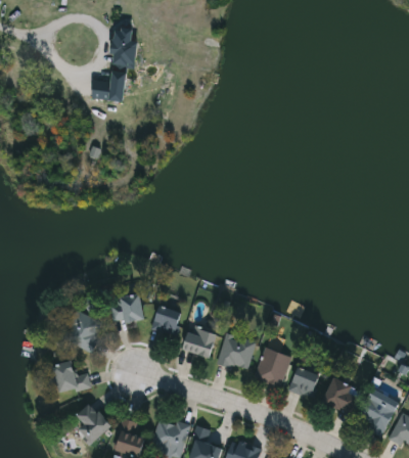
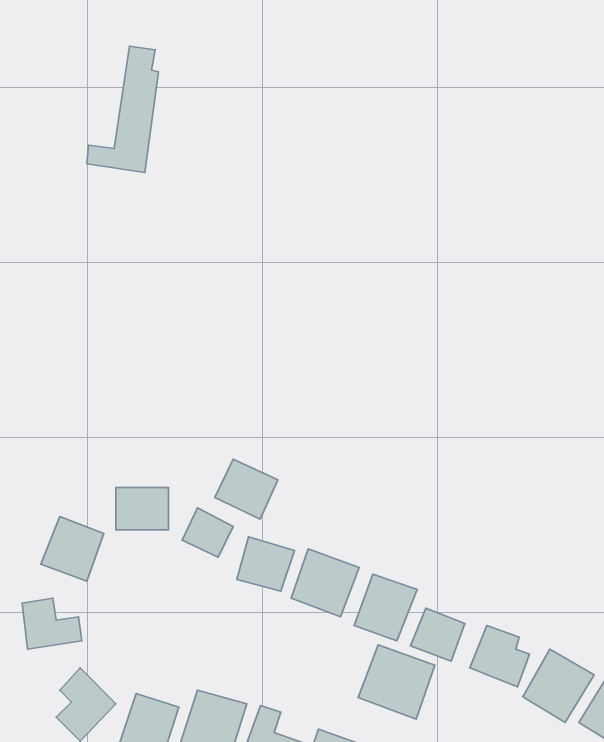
building: none -> [215,459,278,519]
building: none -> [358,645,435,719]

